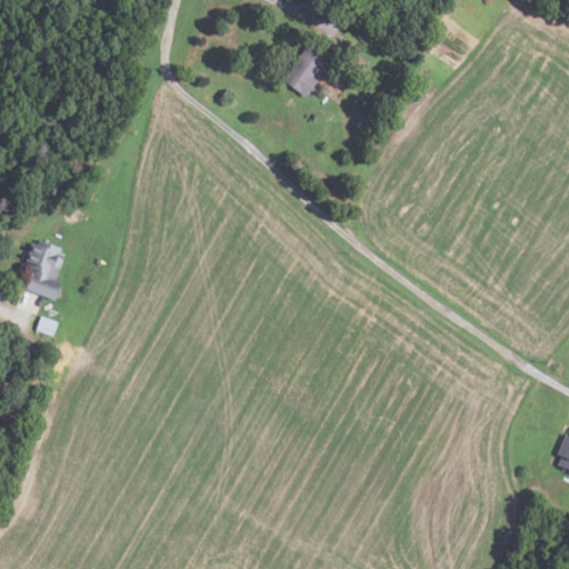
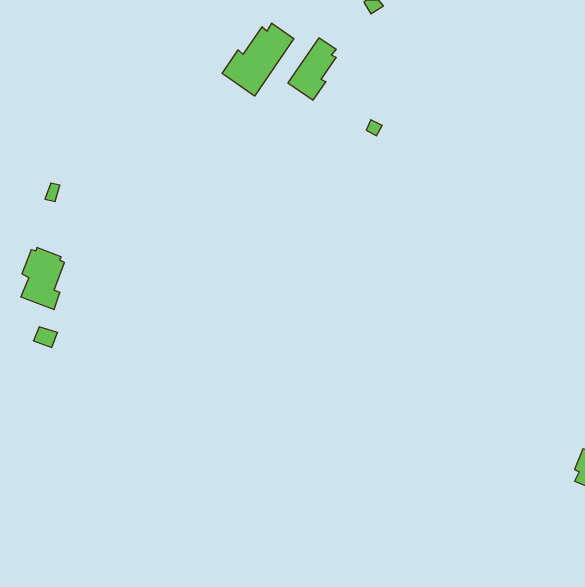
building: none -> [222,23,294,96]

